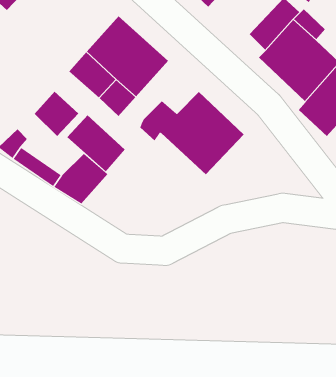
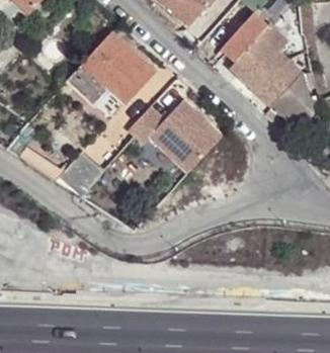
building: [34,91,79,137] -> none
building: [67,115,126,172] -> none

